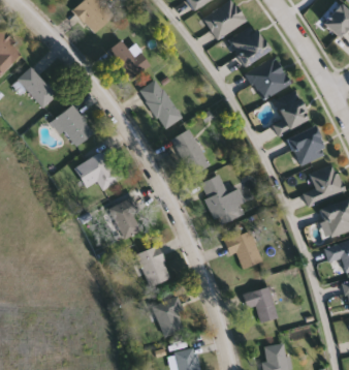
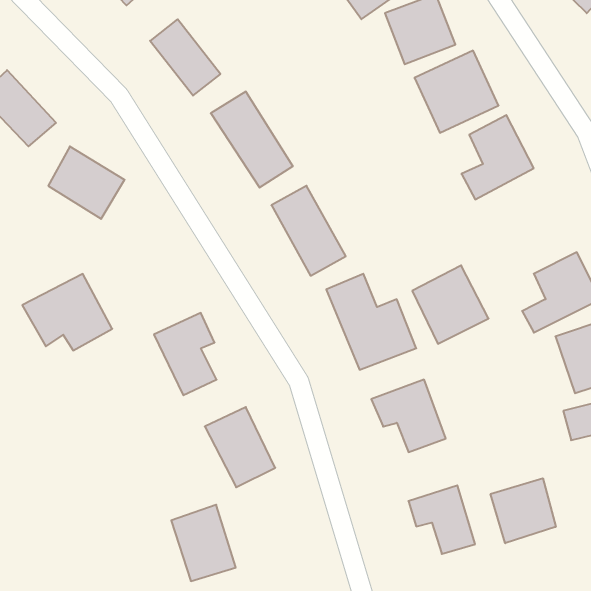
building: [287,125,327,166] -> [412,265,489,344]
building: [74,150,122,190] -> [22,274,112,350]
building: none -> [491,478,556,543]
building: [153,297,187,337] -> [171,505,236,581]

